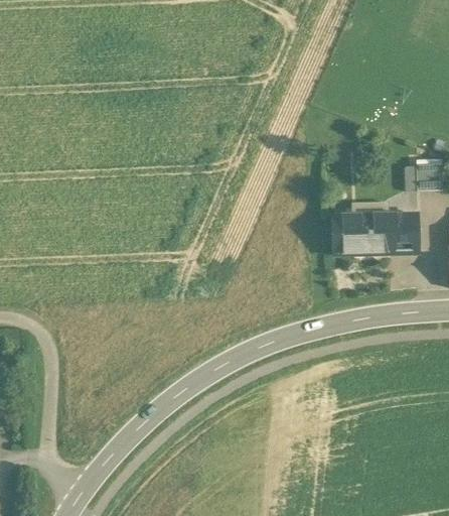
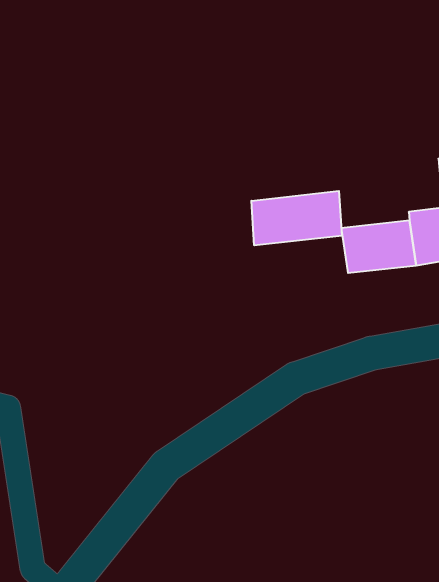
building: none -> [251,191,342,245]

